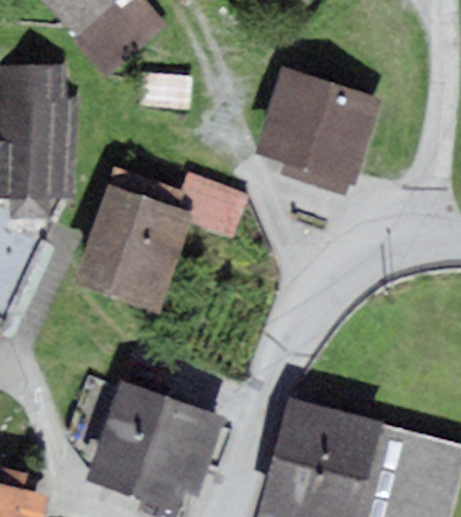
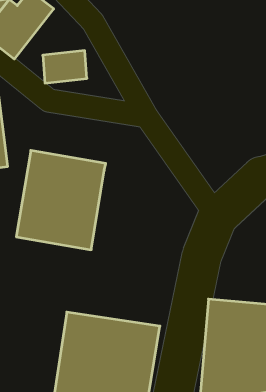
building: [255,70,382,196] -> none
building: [107,167,247,237] -> none

